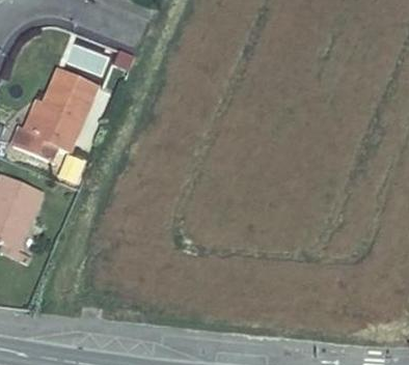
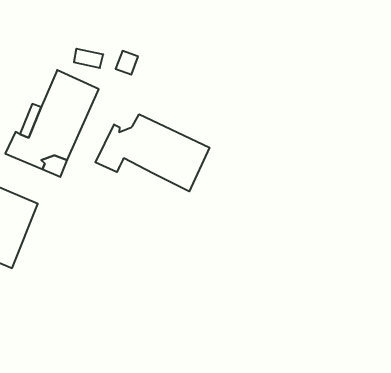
building: none -> [95,114,209,191]

